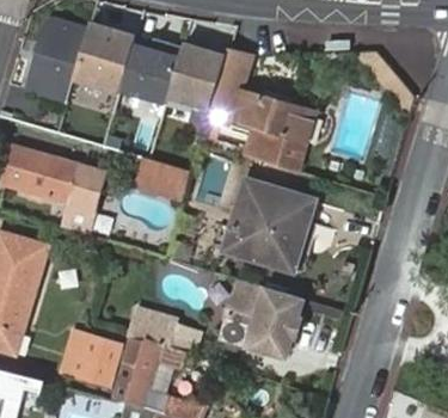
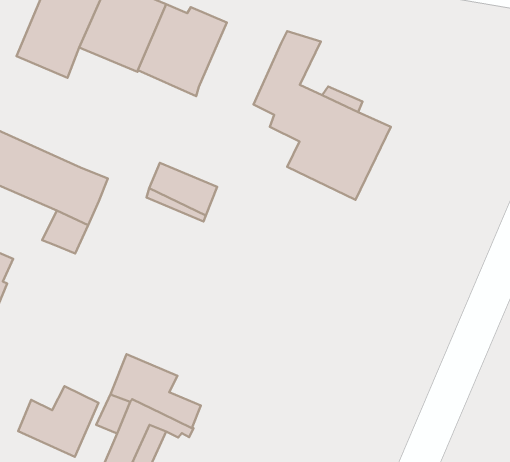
building: [167,44,226,110] -> none
building: [215,183,311,270] -> none
building: [219,282,301,359] -> none

